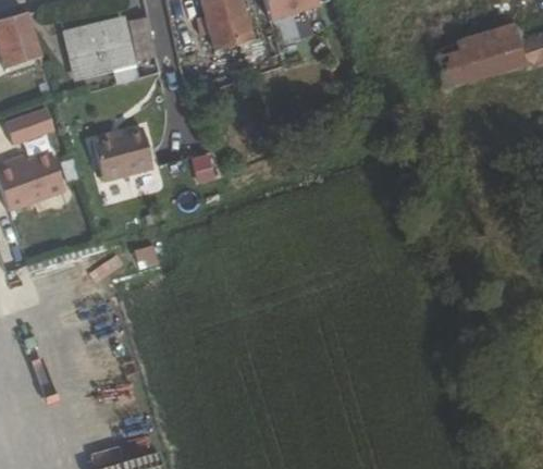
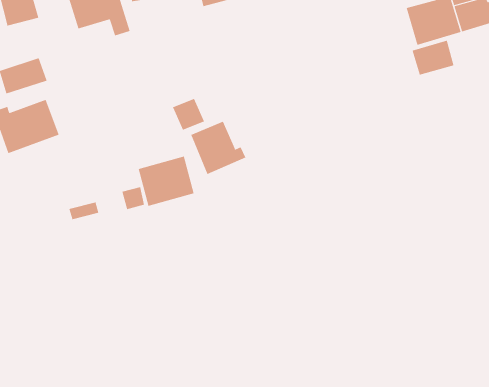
building: none -> [412,40,454,76]
building: [92,125,153,180] -> [138,156,195,207]
building: none -> [191,121,246,175]

